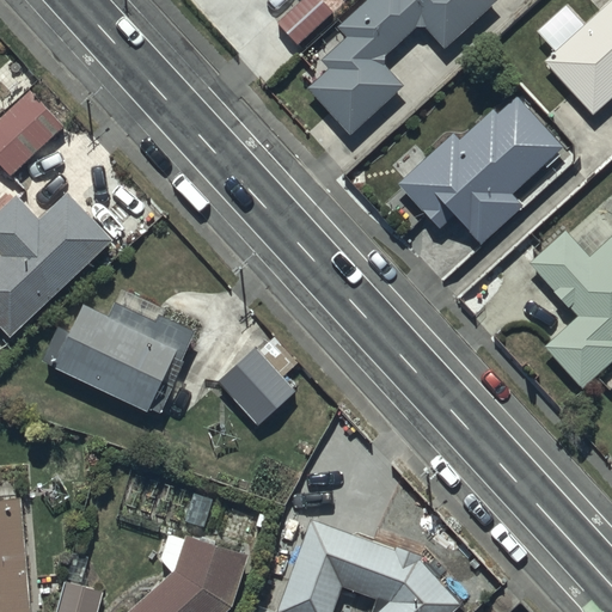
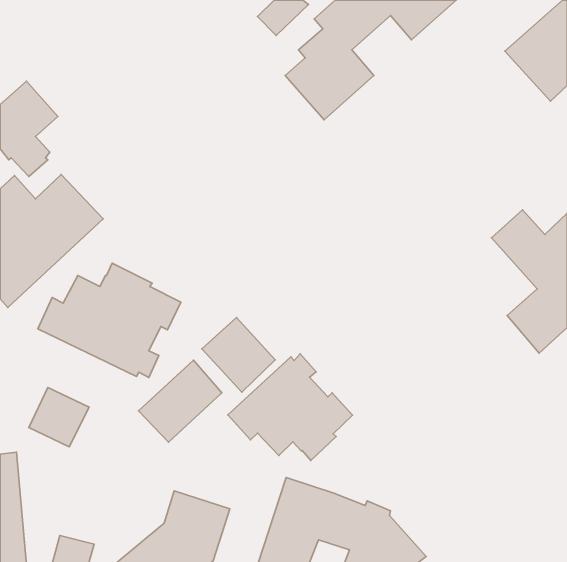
building: [397,97,562,244] -> none
building: none -> [228,354,353,461]
building: none -> [139,360,222,442]
building: none -> [29,387,89,447]

